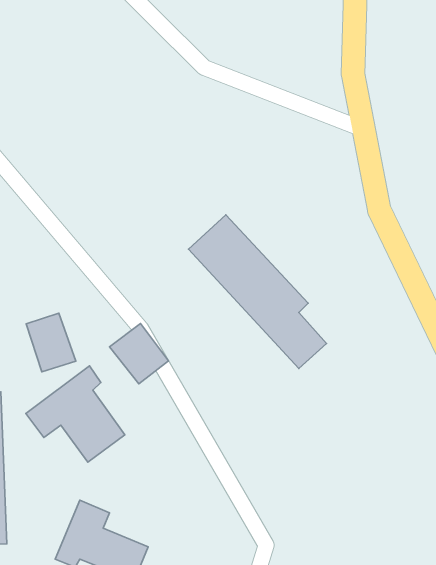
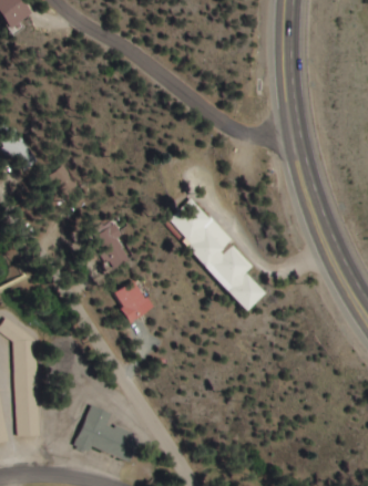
building: [26,313,76,372] -> [95,227,131,269]
building: [26,366,125,462] -> none

